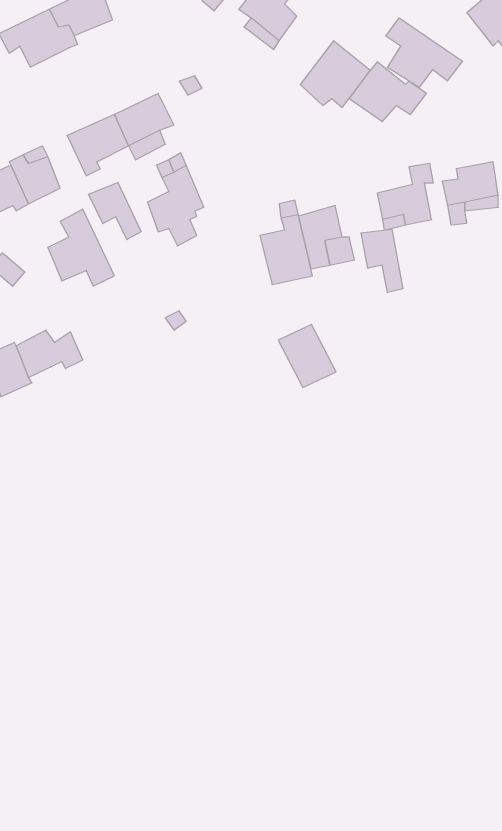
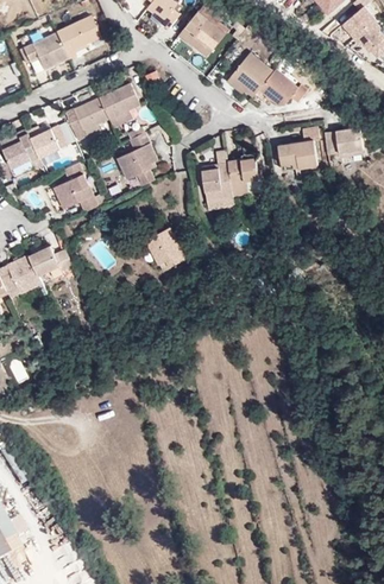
building: [386,18,462,88] -> none
building: [88,182,141,240] -> none
building: [361,229,403,293] -> none
building: [278,324,336,387] -> [146,233,185,275]

